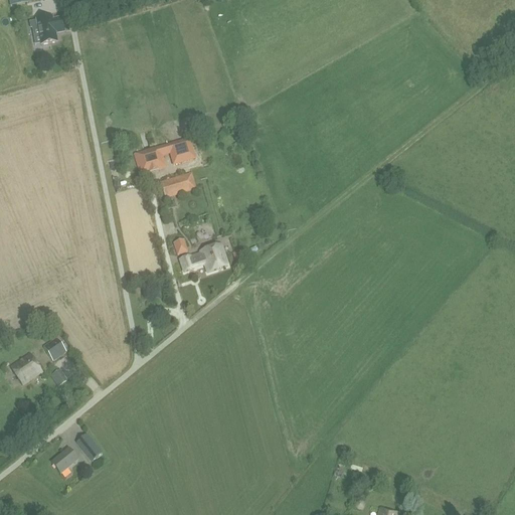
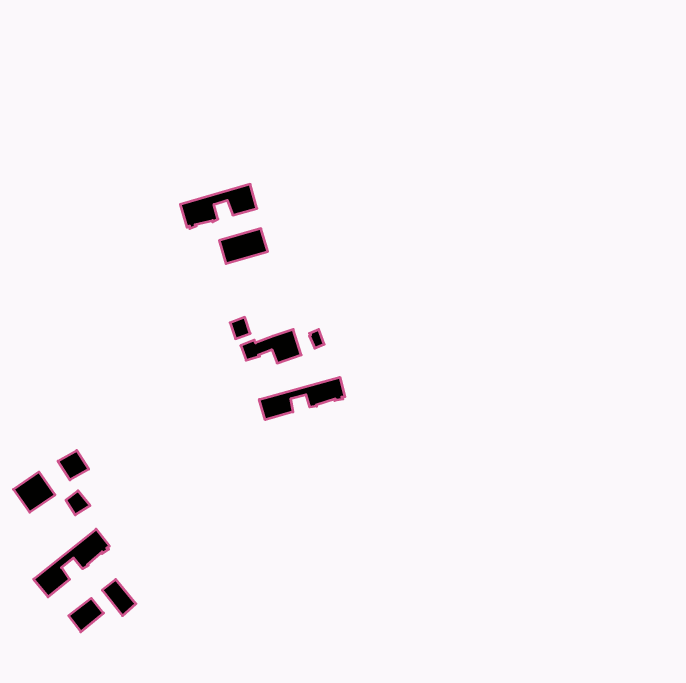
building: [29,15,63,43] -> none
building: none -> [259,377,345,420]
building: none -> [34,529,109,597]

